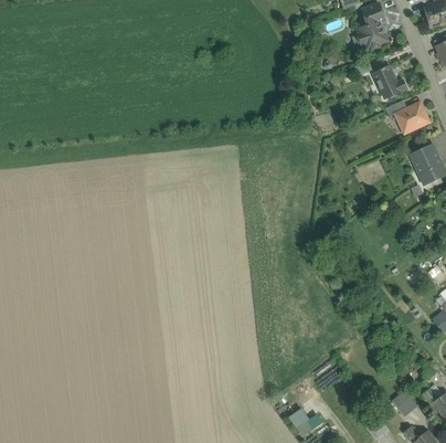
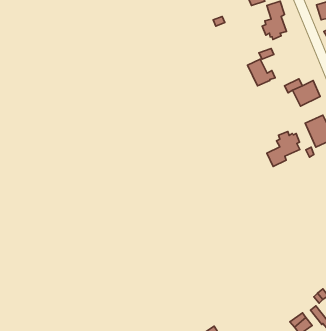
building: [373,65,407,98] -> [248,59,275,86]
building: none -> [267,131,300,166]

